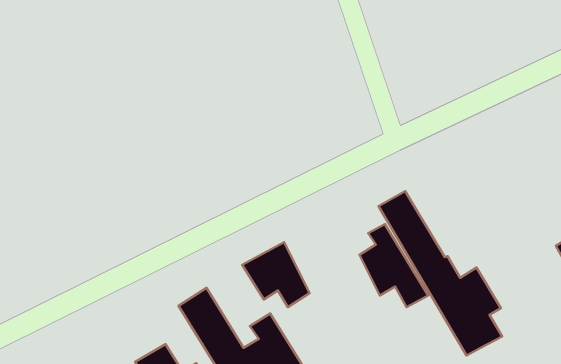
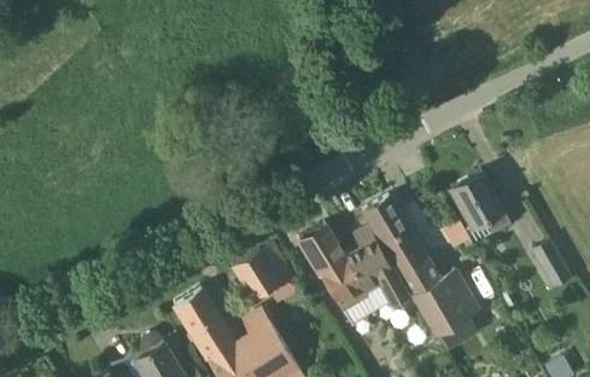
building: none -> [450,172,512,245]
building: none -> [299,224,375,326]

